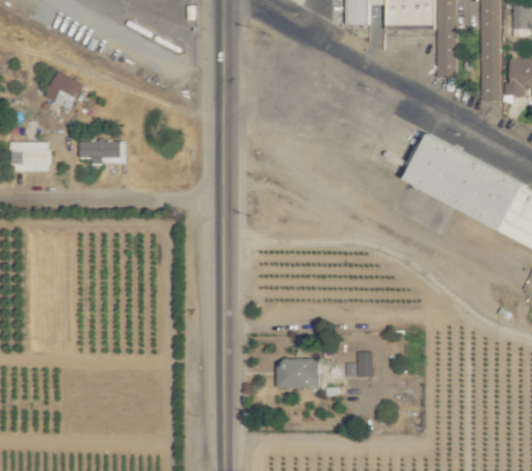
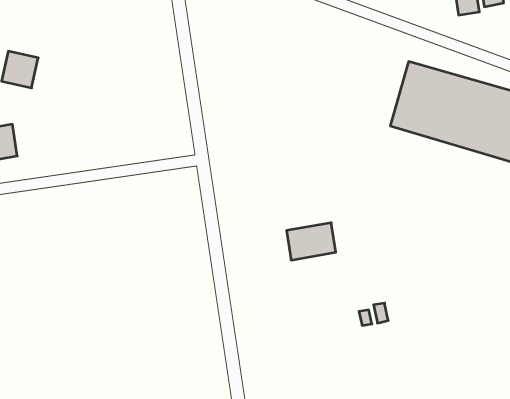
building: [79,137,127,162] -> none
building: [277,357,320,386] -> [287,223,336,260]

